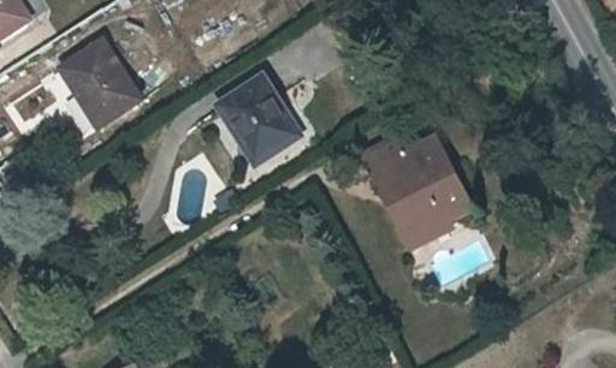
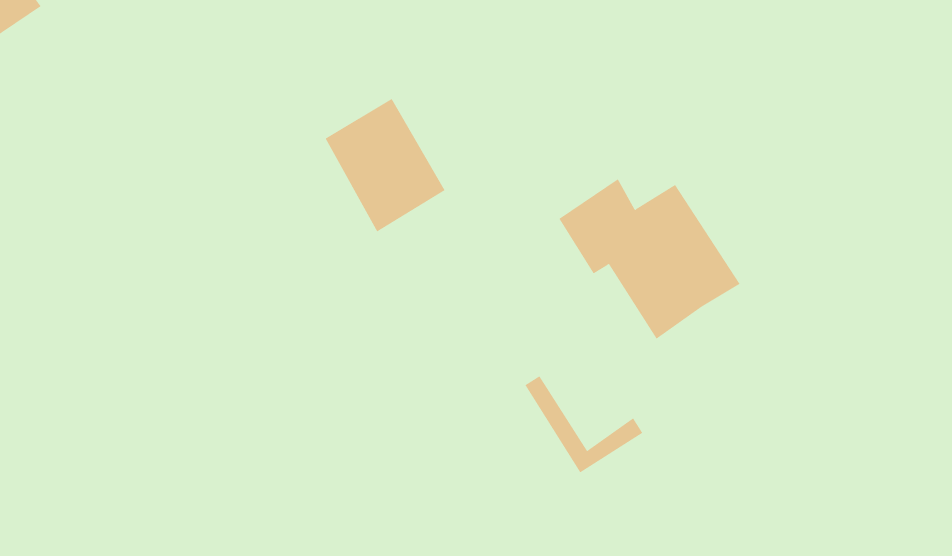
building: [58,42,129,121] -> none
building: [379,179,454,241] -> [524,375,643,473]

